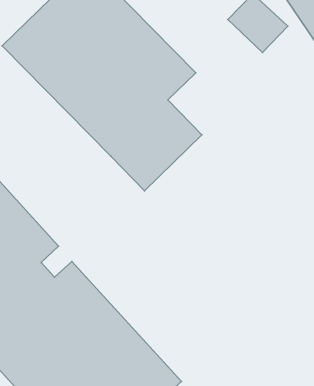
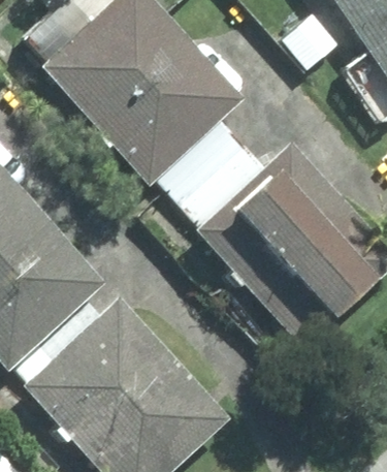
building: none -> [224,180,366,321]

